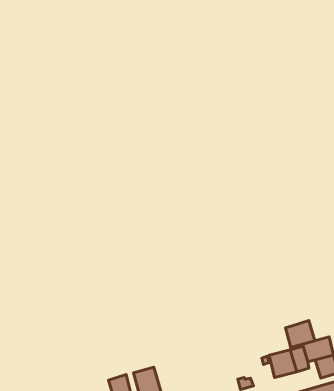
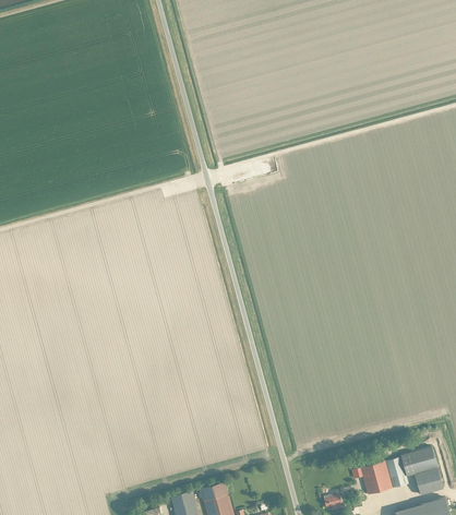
building: [286,321,315,347] -> none

